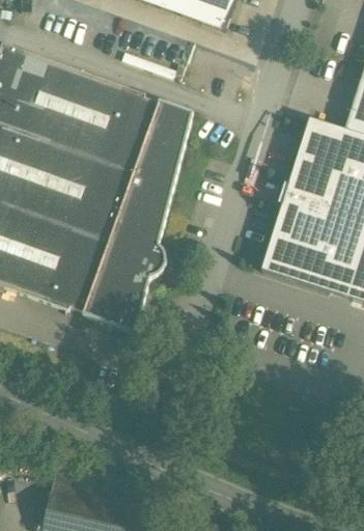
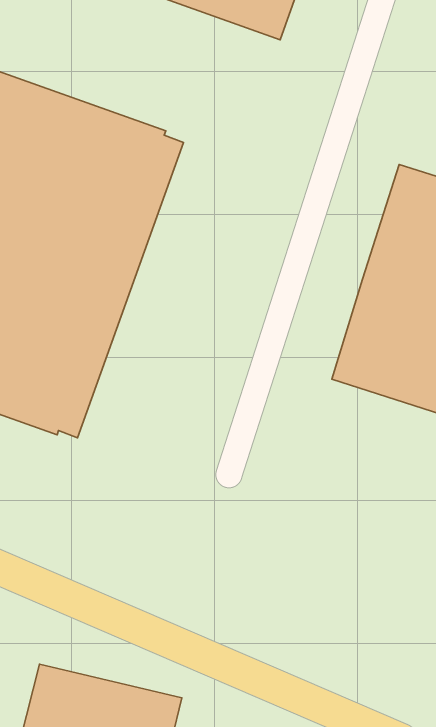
building: [82,99,192,332] -> none

